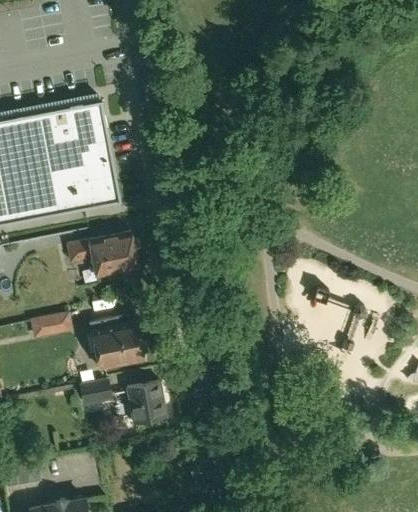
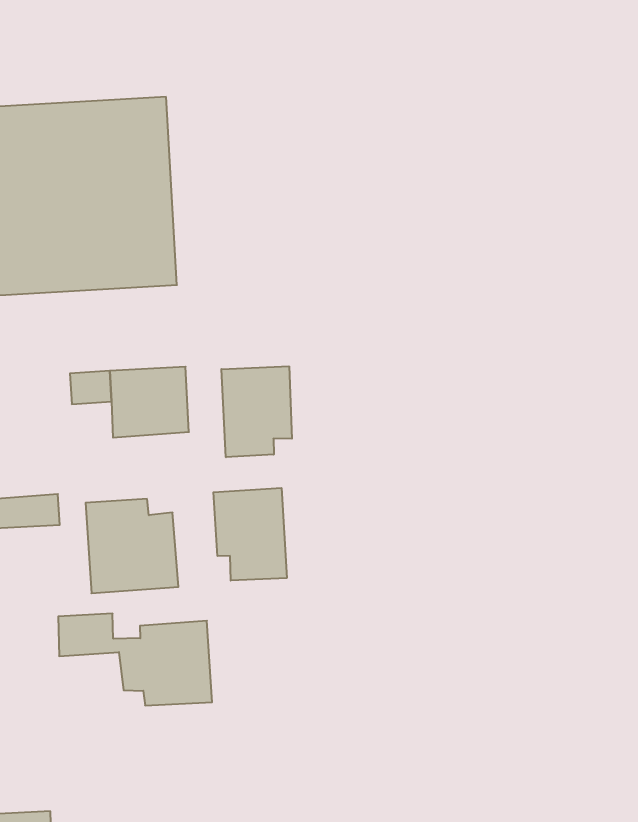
building: none -> [221,366,292,457]
building: none -> [213,488,287,581]

